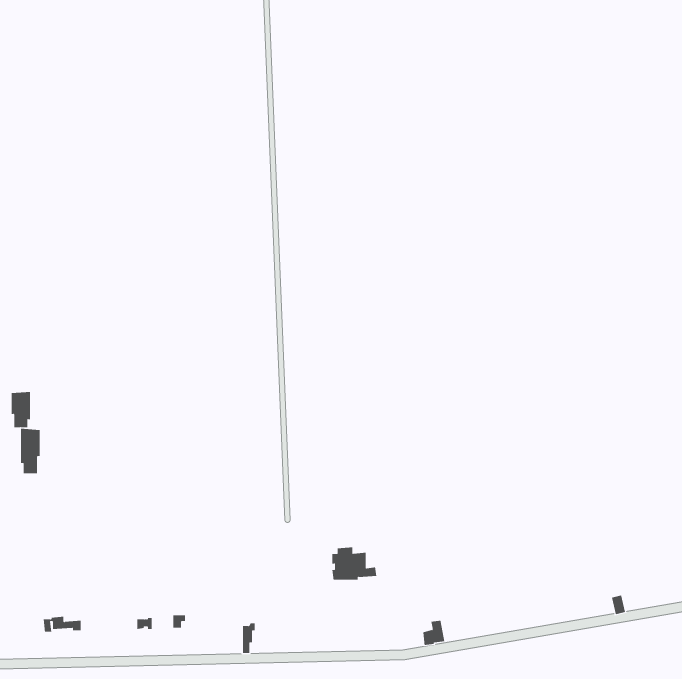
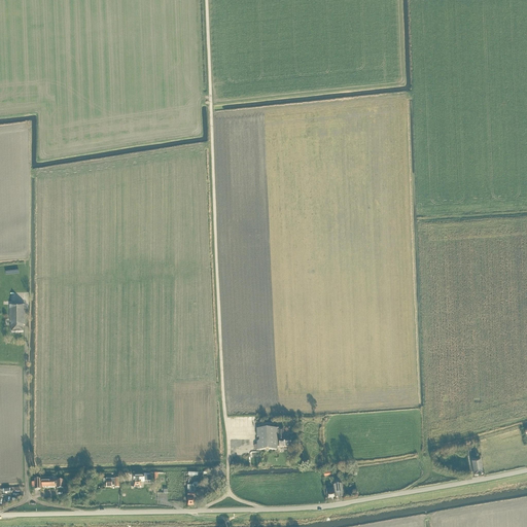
building: [20,428,40,474] -> none

